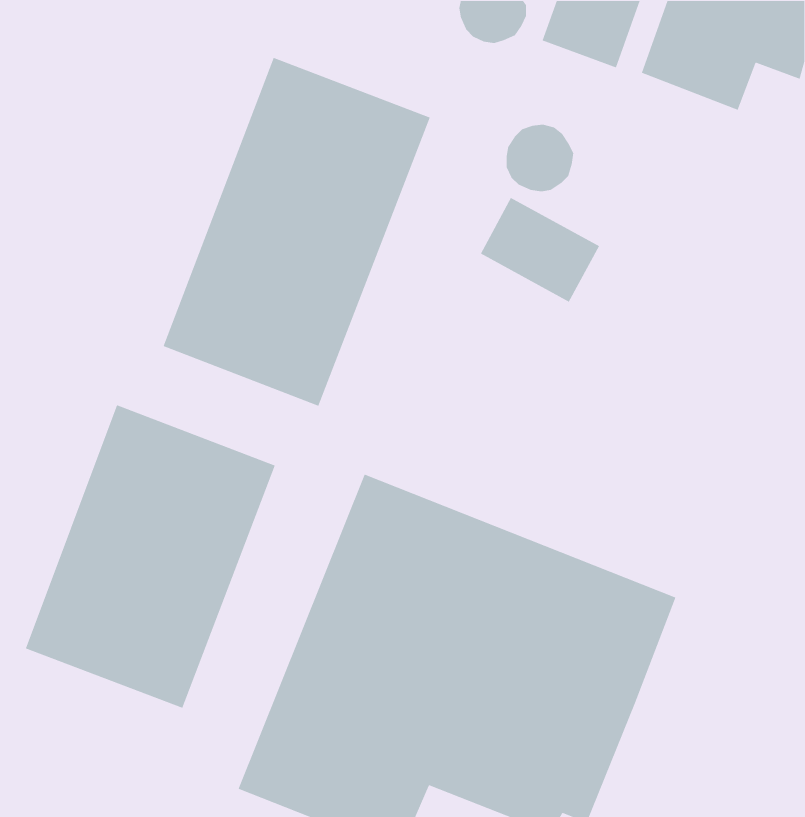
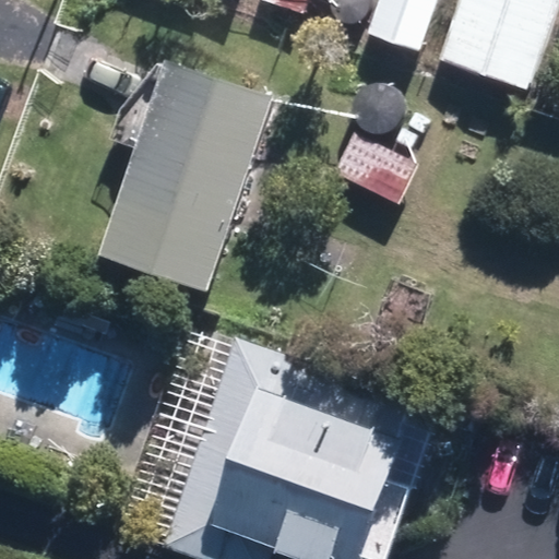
building: [25,404,276,709] -> none

